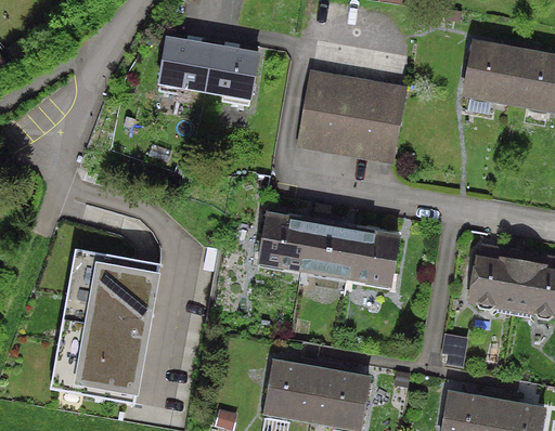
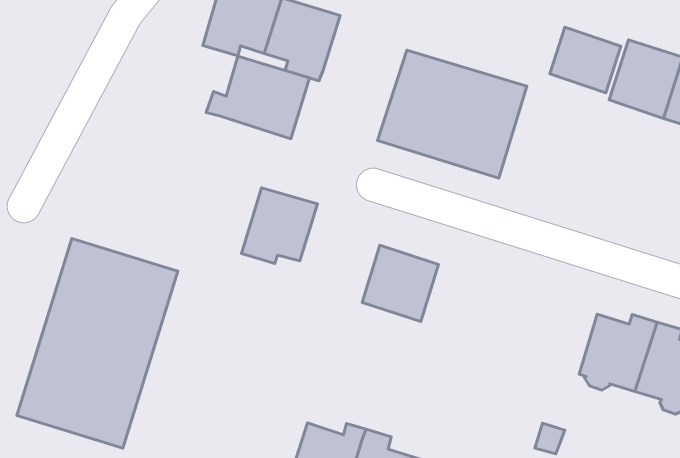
building: none -> [550,27,621,93]
building: none -> [206,56,310,139]
building: [257,217,309,272] -> [241,188,317,264]
building: [347,232,397,290] -> none

